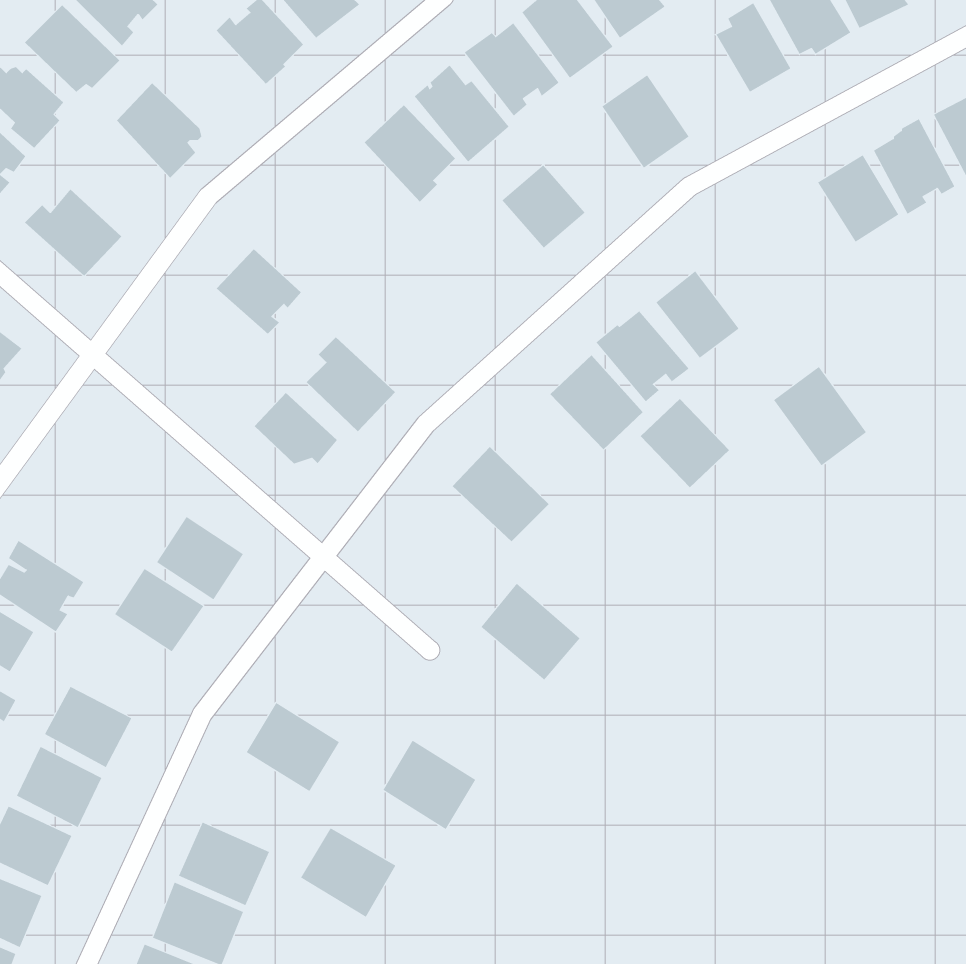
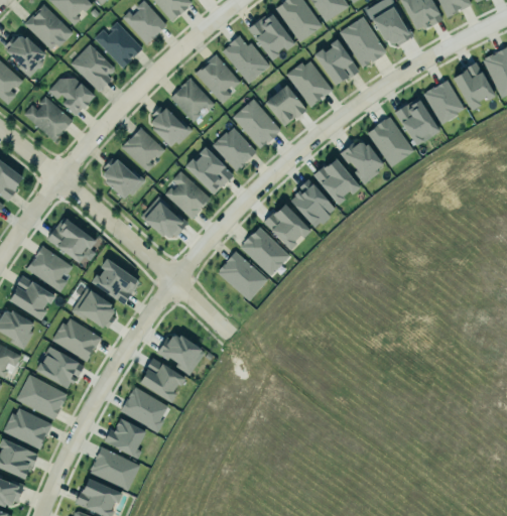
building: none -> [341,16,387,68]
building: none -> [94,21,142,68]
building: none -> [288,58,333,106]
building: none -> [47,71,94,115]
building: none -> [169,77,214,122]
building: none -> [232,98,280,147]
building: none -> [395,98,440,144]
building: none -> [148,106,192,149]
building: none -> [212,127,256,170]
building: none -> [184,146,233,195]
building: none -> [103,157,145,198]
building: [773,366,867,466] -> [366,116,413,166]
building: [640,398,730,488] -> [265,204,310,249]
building: none -> [46,217,96,262]
building: none -> [27,246,75,291]
building: [480,583,580,681] -> [218,251,268,300]
building: none -> [54,320,99,362]
building: [382,740,476,830] -> [154,328,202,373]
building: [300,827,396,917] -> [119,384,167,429]

